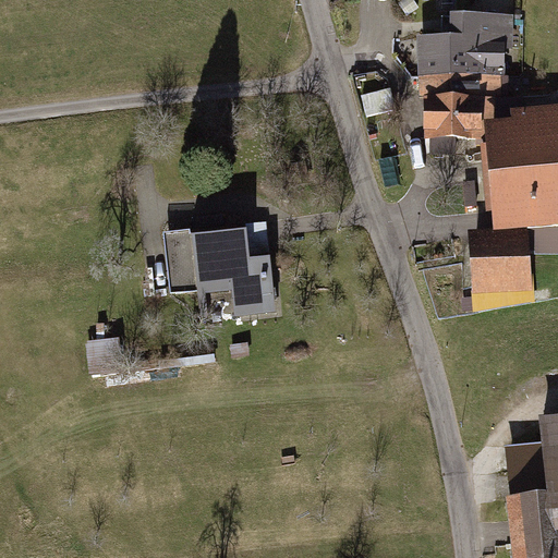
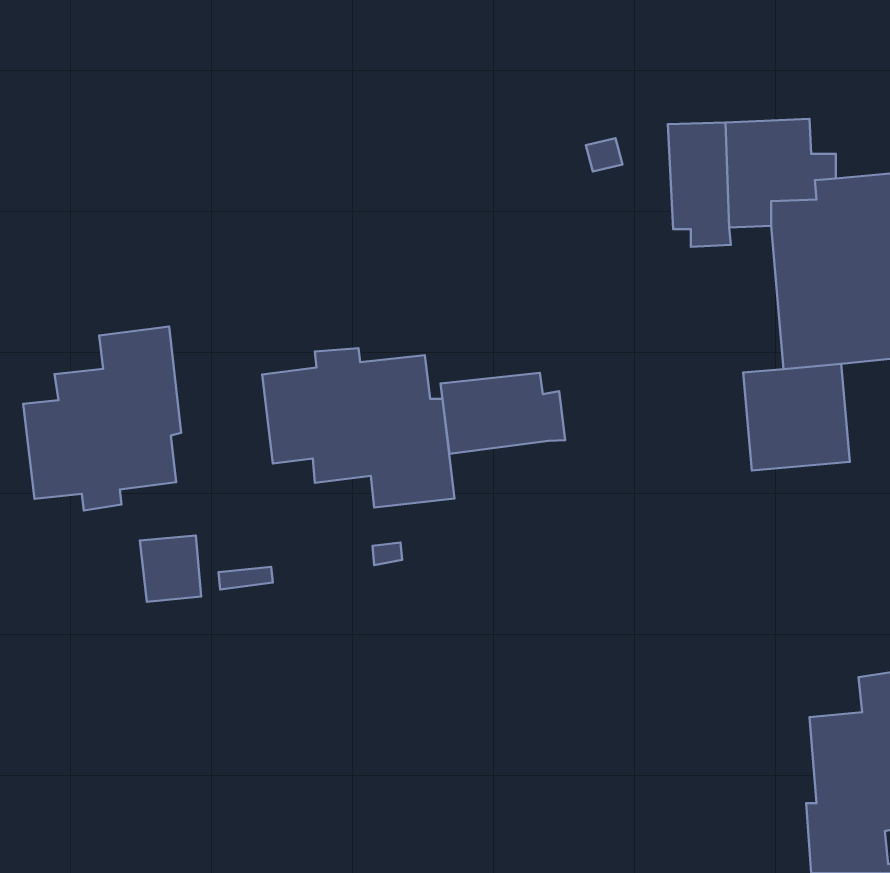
building: [417,13,518,77] -> none
building: none -> [23,326,181,511]
building: none -> [440,373,565,454]

